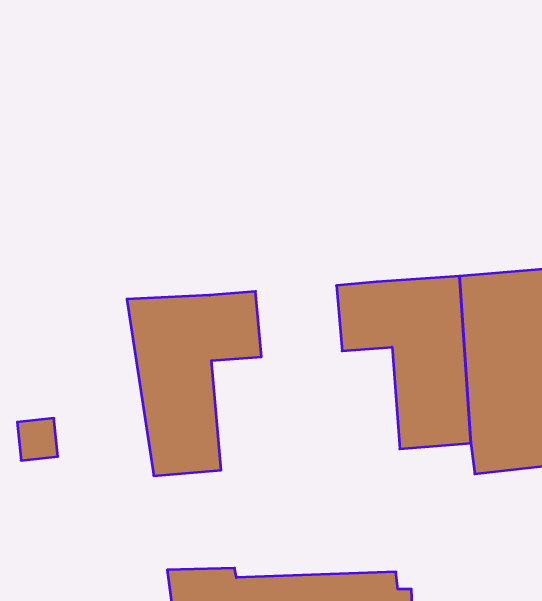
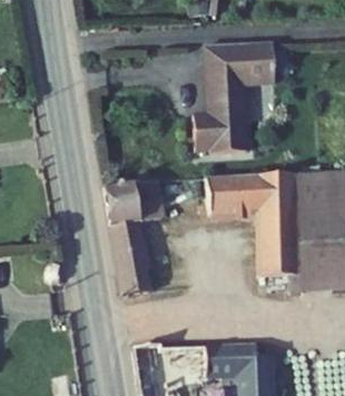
building: none -> [193,47,275,157]

